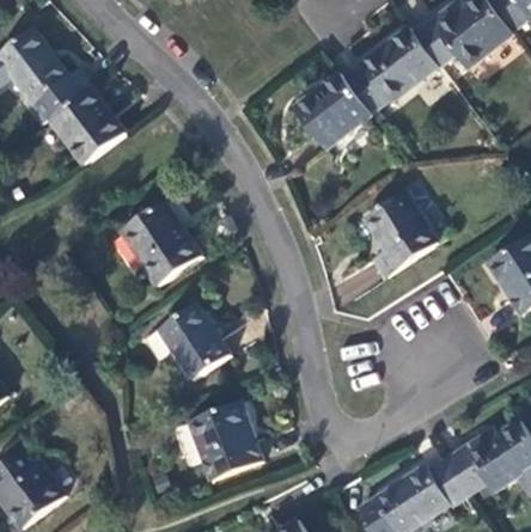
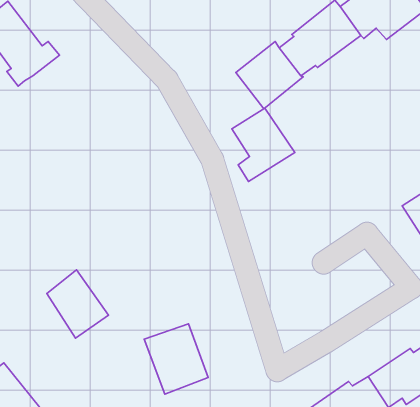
building: [48,88,127,166] -> none
building: [364,191,437,276] -> [232,108,295,181]
building: [120,202,200,287] -> none
building: [158,302,230,381] -> [47,270,109,338]

